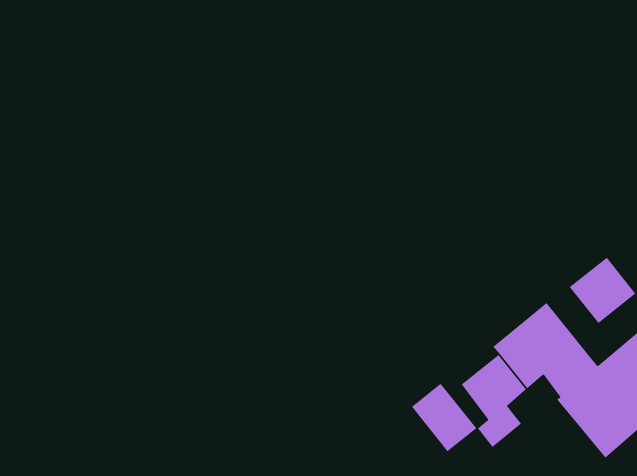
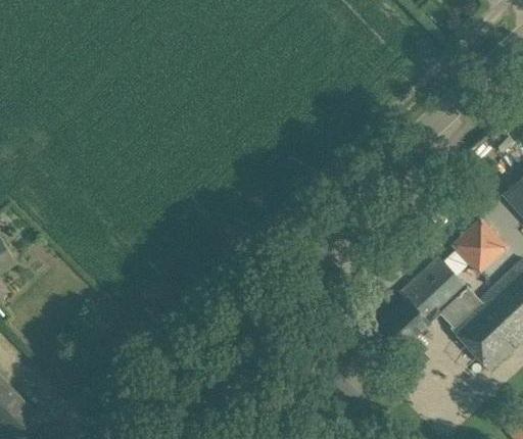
building: [411,383,477,452] -> none

